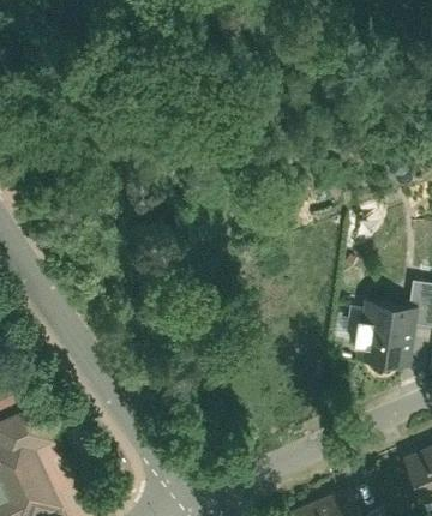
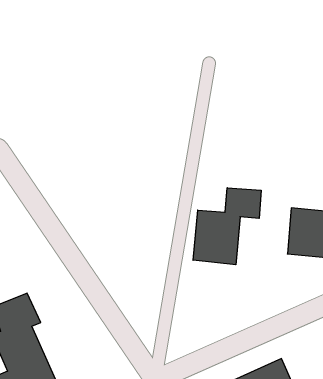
building: none -> [193,188,261,265]

